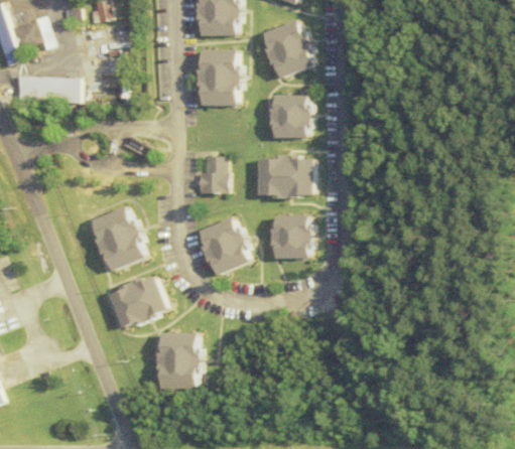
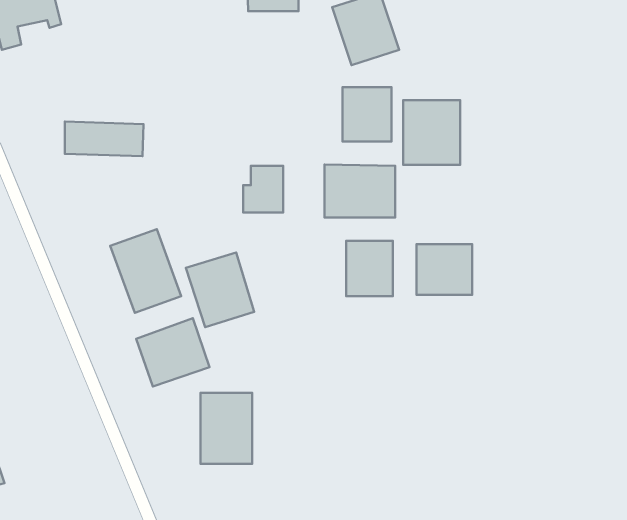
building: [195,49,237,105] -> none
building: [14,74,76,102] -> [65,121,144,156]
building: none -> [403,100,460,165]
building: [196,216,249,275] -> [186,252,254,327]
building: none -> [416,244,472,295]

